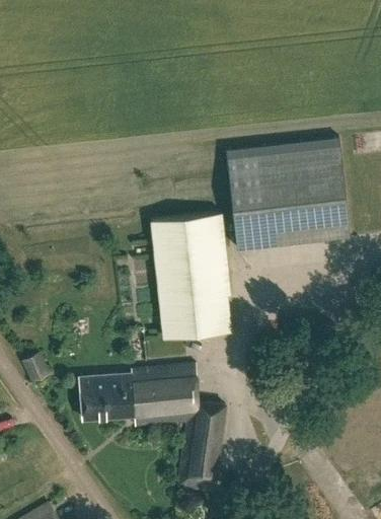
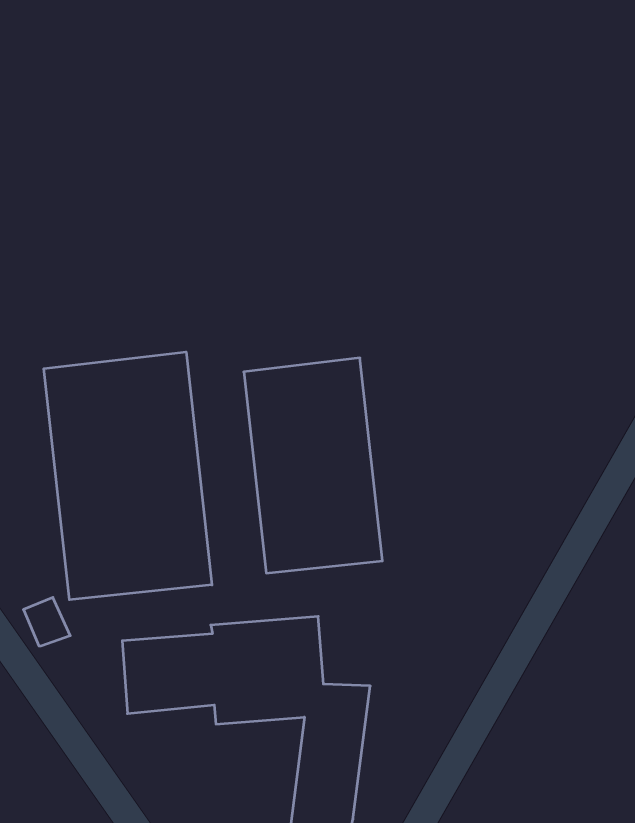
building: [226,138,351,248] -> none
building: none -> [44,352,212,600]

